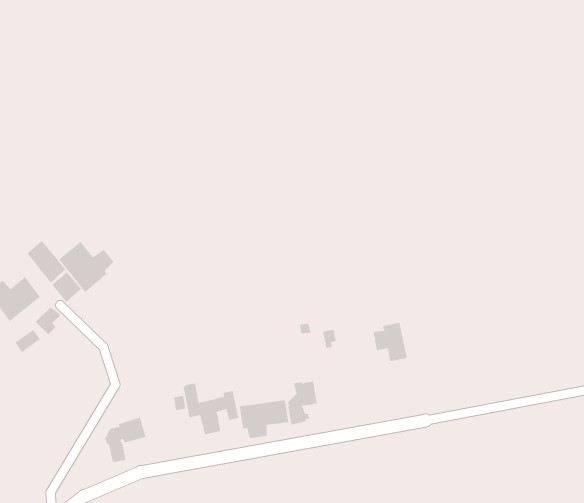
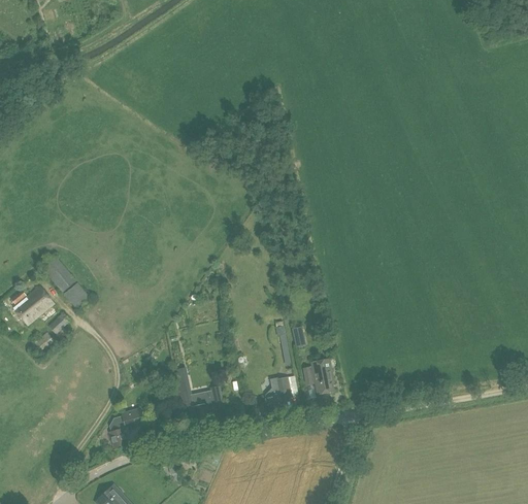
building: [58,241,114,293] -> none
building: [373,322,408,362] -> [303,359,333,393]
building: [239,400,289,439] -> none

